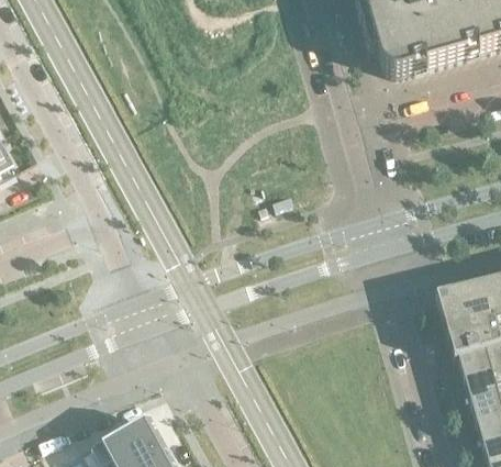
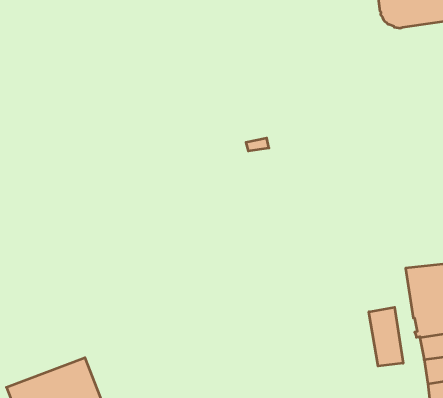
building: none -> [369,307,403,366]

